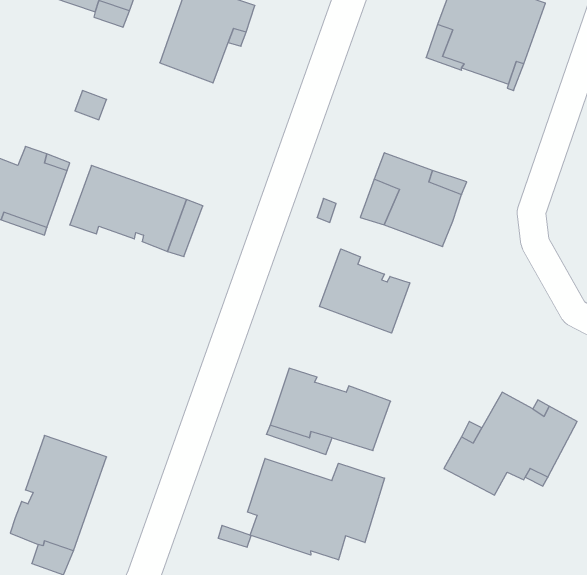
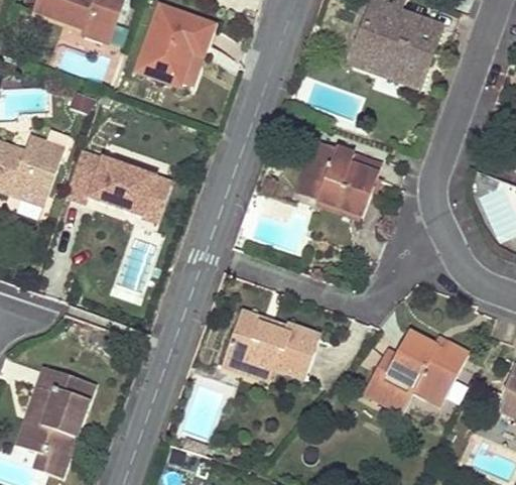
building: [320,249,410,333] -> none
building: [247,458,385,560] -> none

